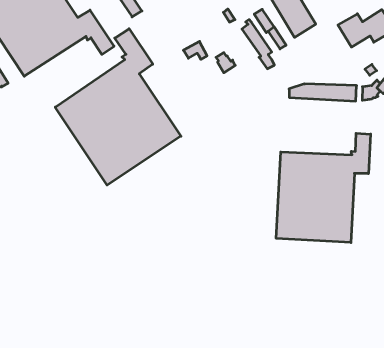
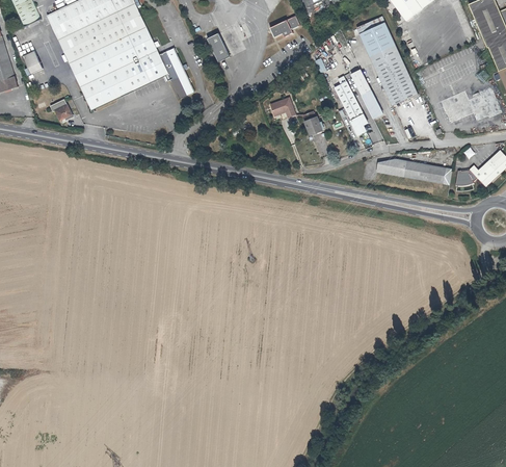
building: [55,29,181,185] -> none
building: [276,133,371,243] -> none

